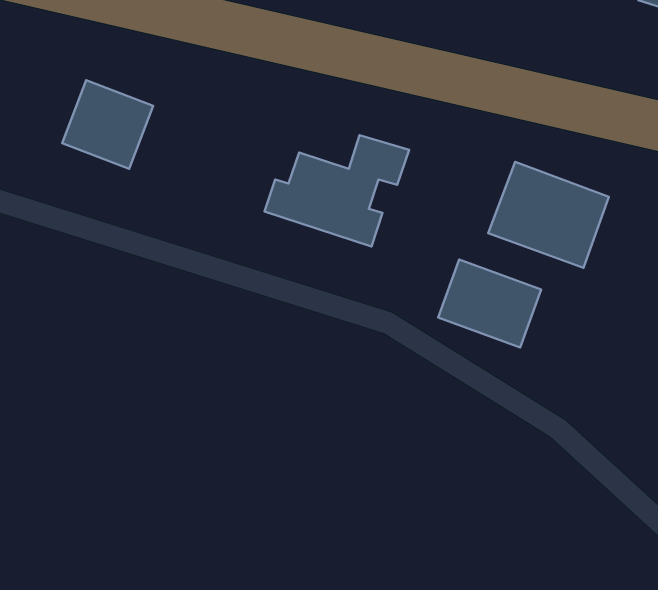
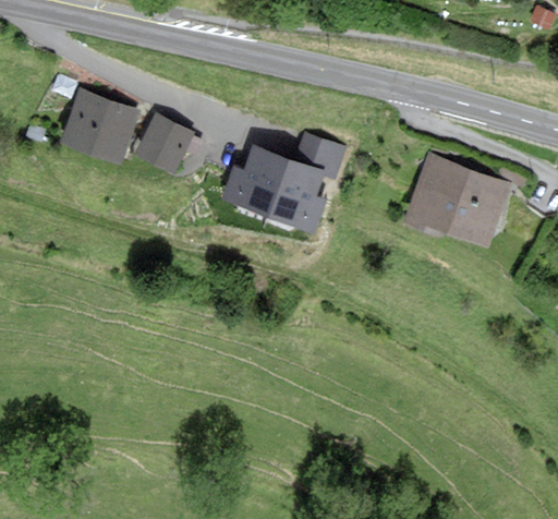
building: none -> [137,114,194,172]
building: [438,260,541,347] -> none

